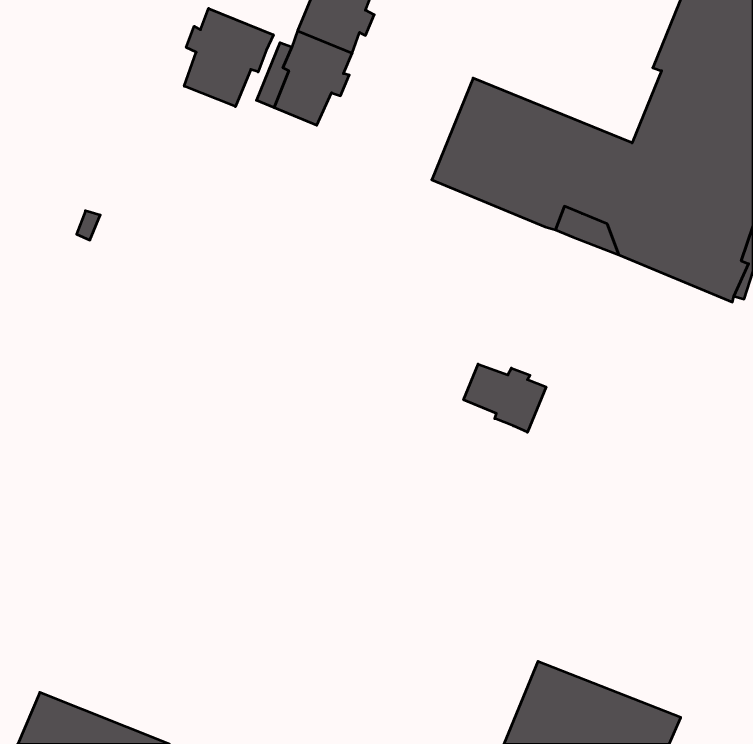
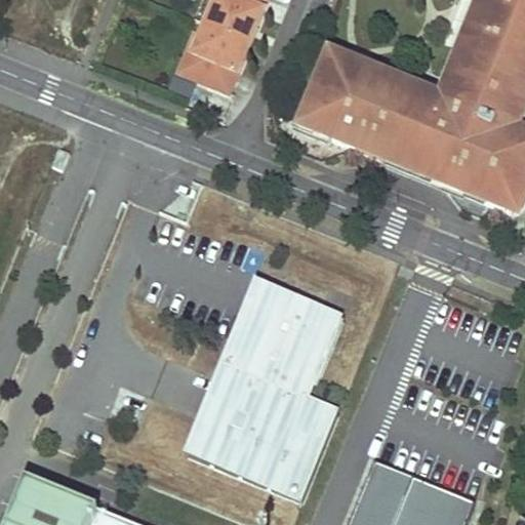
building: [184,8,273,107] -> none
building: [464,364,546,432] -> none
building: none -> [188,284,340,500]

